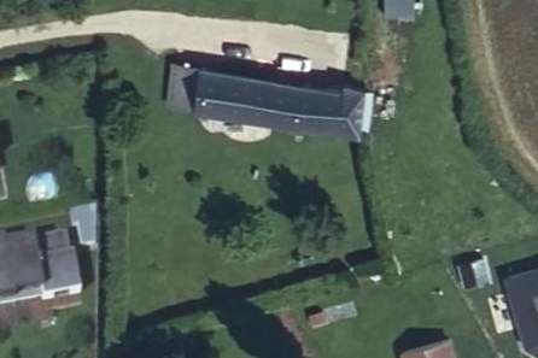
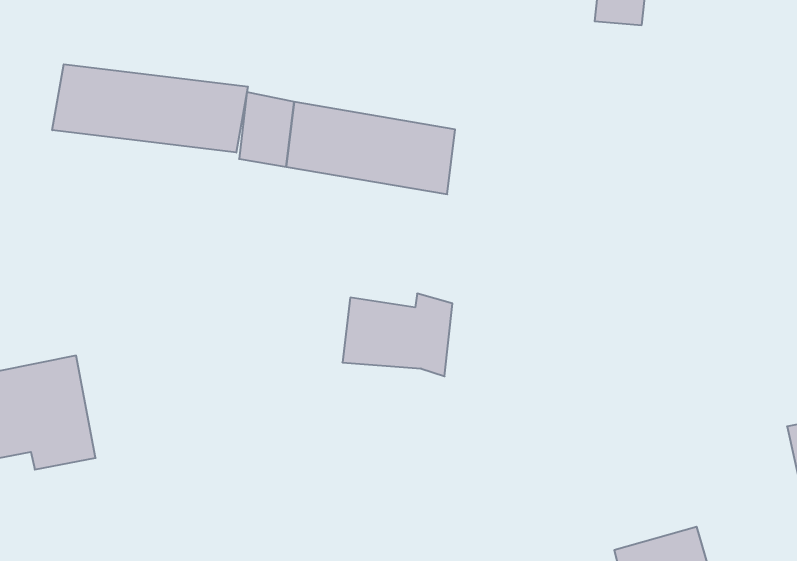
building: none -> [52,64,248,153]
building: [296,87,363,137] -> [342,294,452,376]

